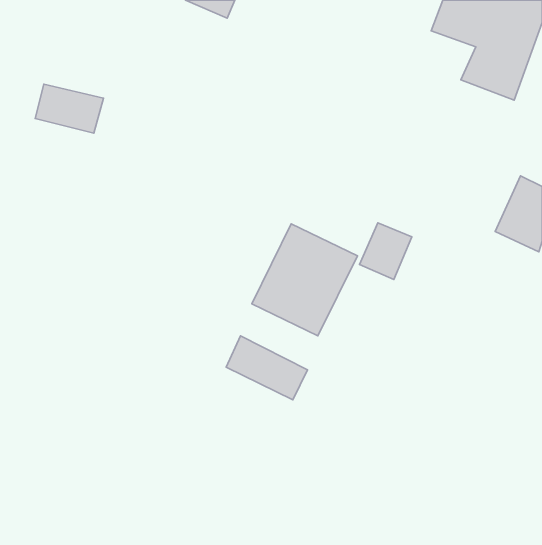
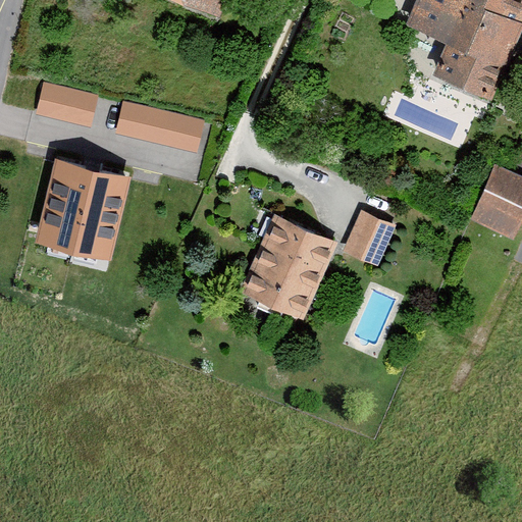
building: none -> [113,102,201,151]
building: none -> [32,154,129,259]
building: [226,336,307,400] -> none

